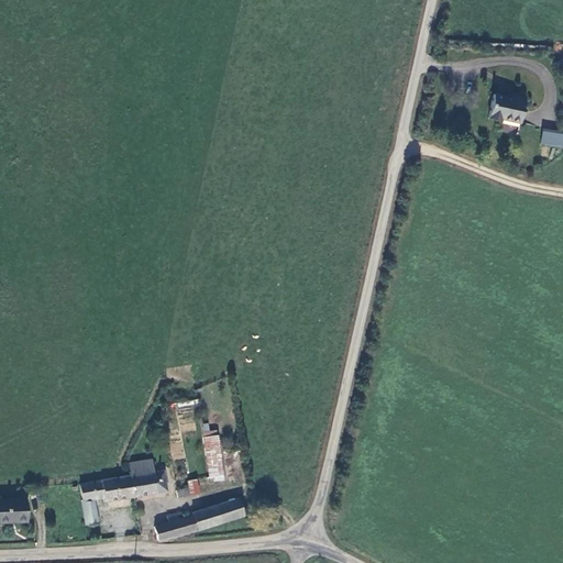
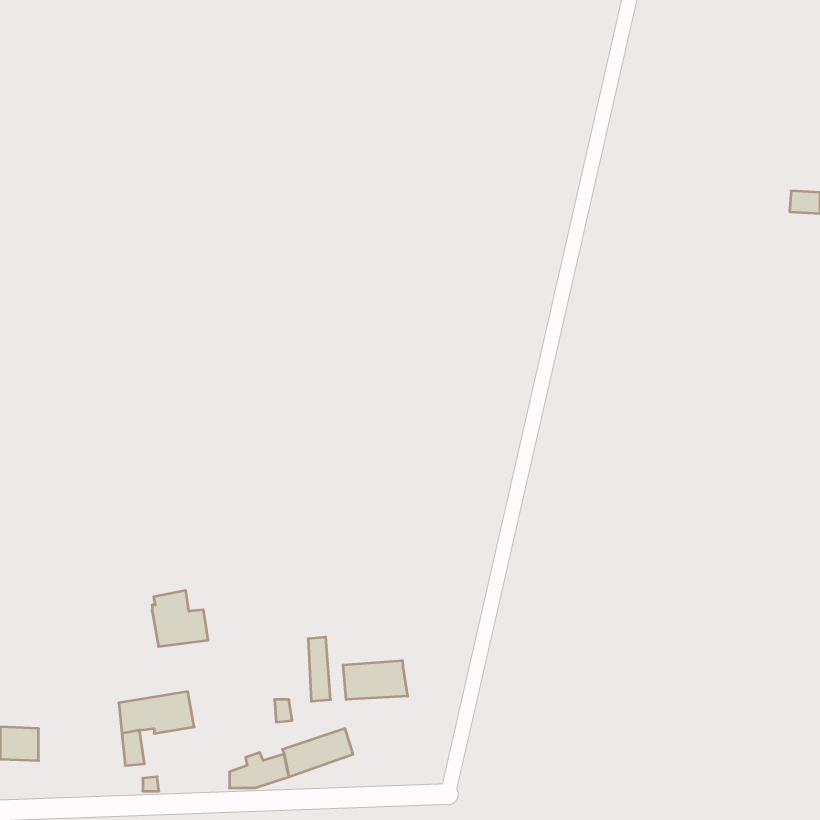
building: [489,92,526,121] -> none
building: none -> [343,660,408,700]
building: [129,460,167,498] -> [152,590,208,647]

